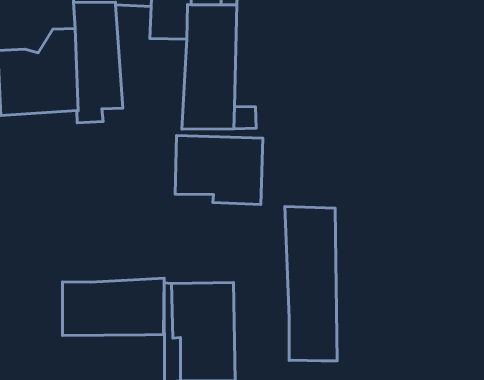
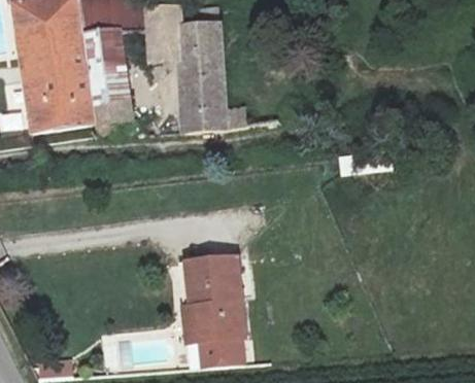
building: [175,136,263,205] -> none
building: [285,207,337,361] -> none
building: [62,278,164,336] -> none

